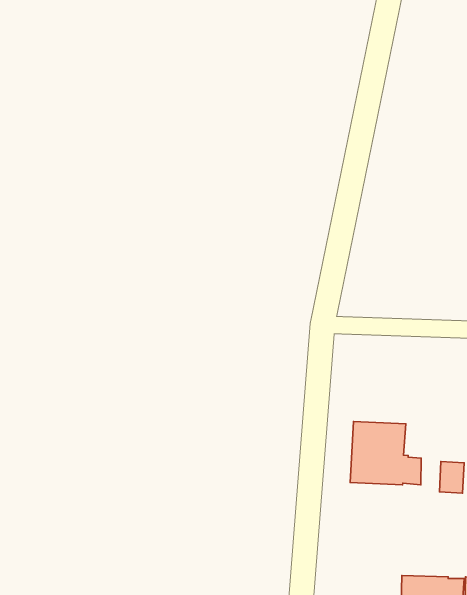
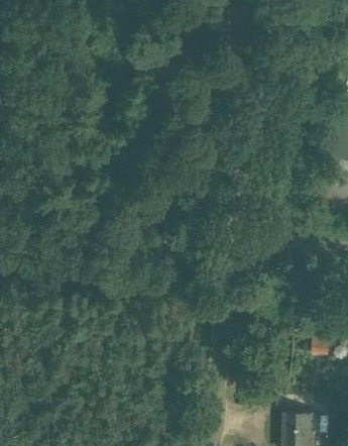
building: [350,421,421,485] -> none

